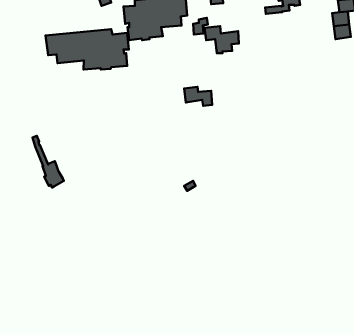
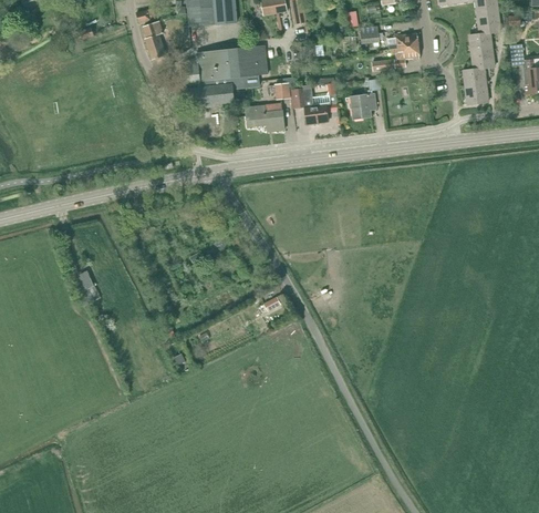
building: none -> [350,76,381,119]
building: [46,29,129,70] -> none
building: [184,87,212,106] -> [246,104,283,130]

